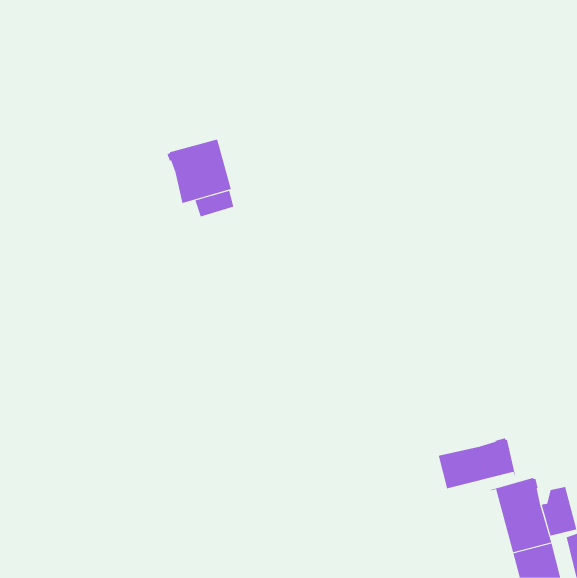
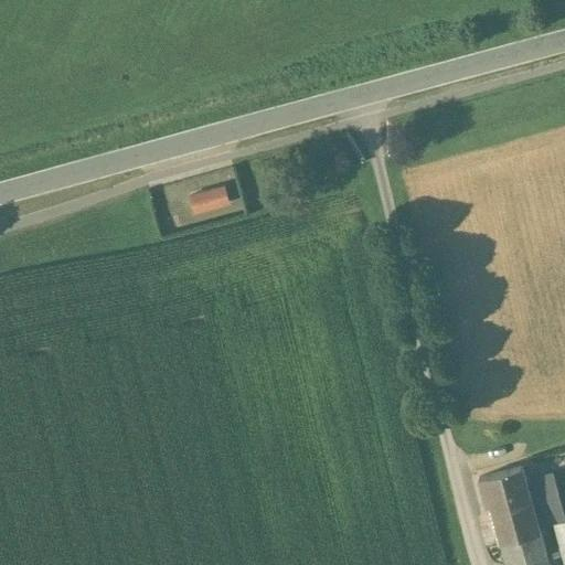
building: [167,137,231,204] -> none
building: [438,438,516,489] -> none

